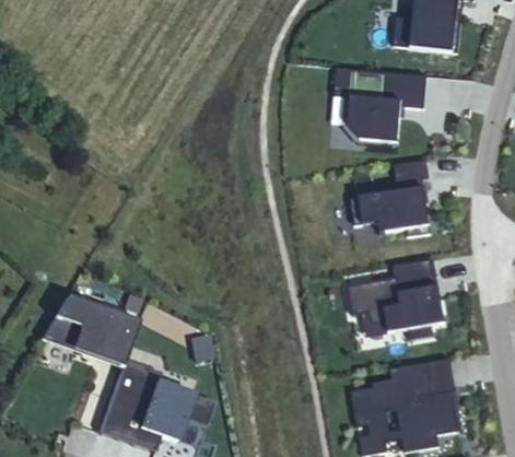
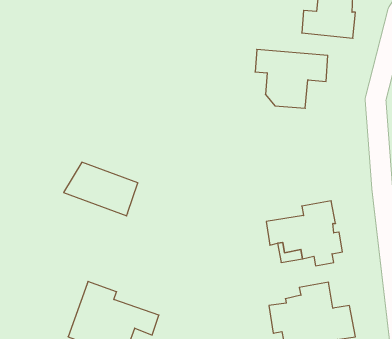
building: [351,160,432,236] -> none
building: [43,296,137,364] -> [64,162,138,216]

